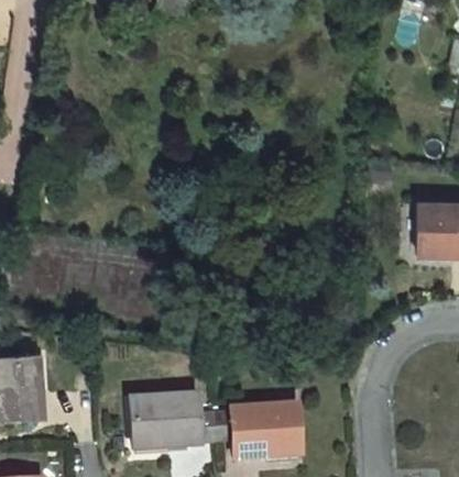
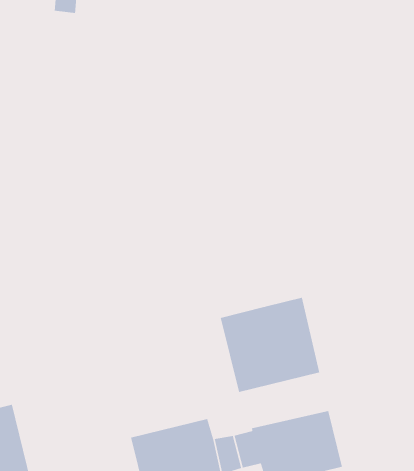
building: none -> [220,297,320,393]

